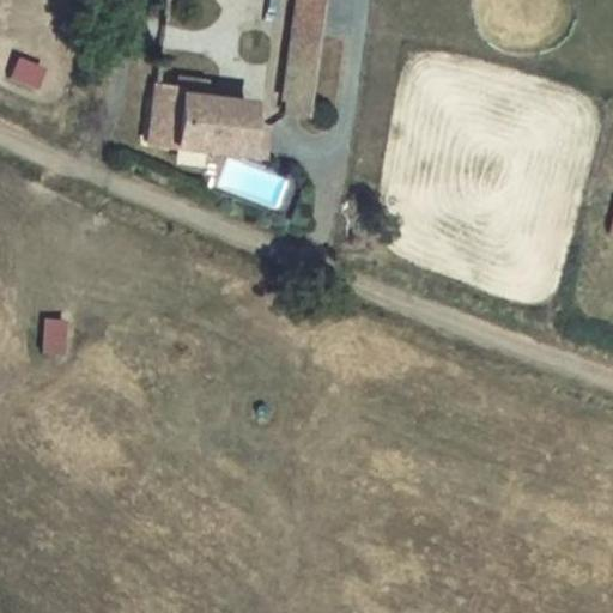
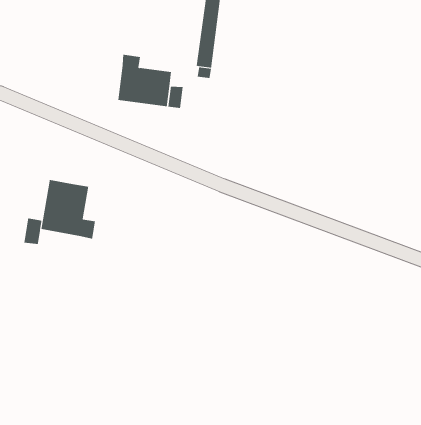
building: [151,90,182,144] -> none
building: none -> [41,179,96,239]

